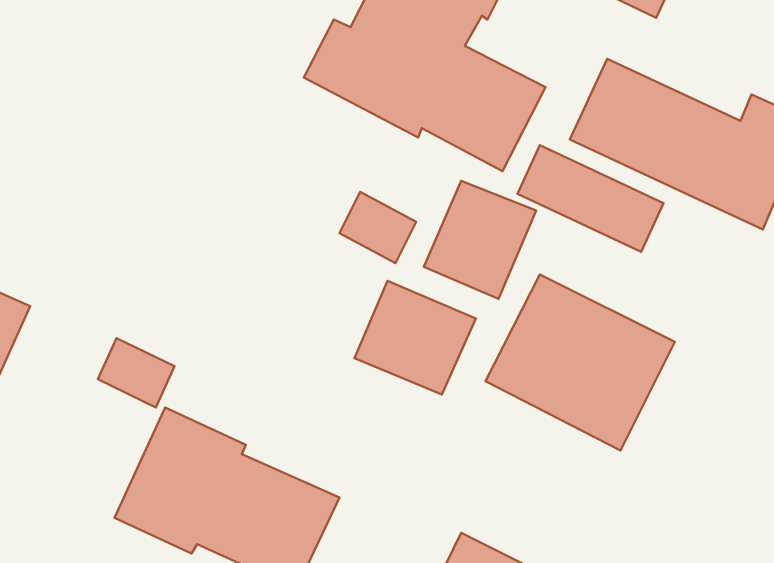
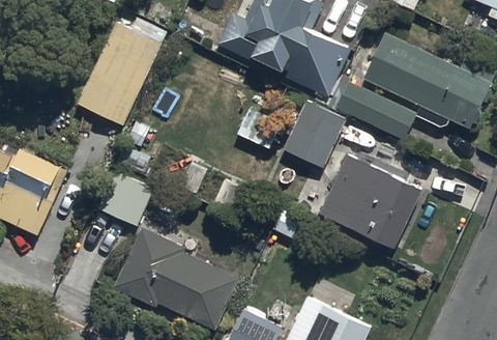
building: none -> [80,26,159,126]
building: [354,281,476,394] -> none

